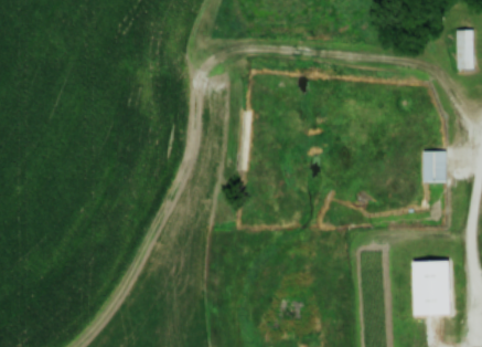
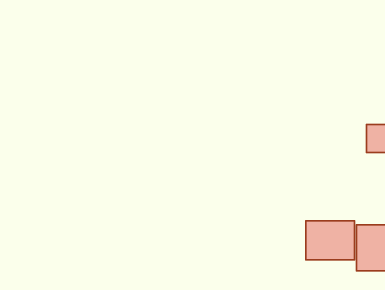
building: none -> [306,221,354,260]

